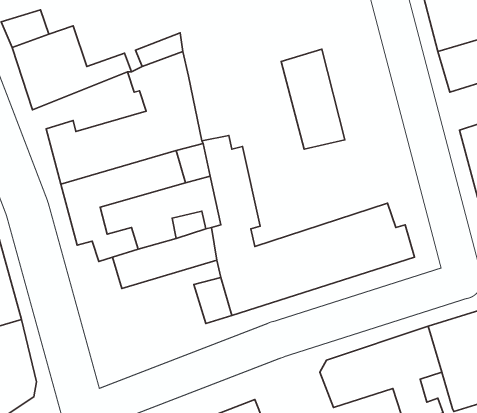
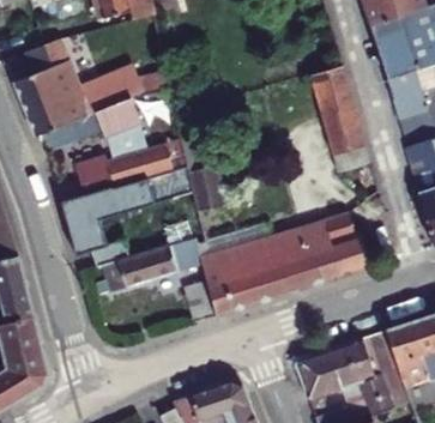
building: [281,49,345,149] -> [314,68,370,157]

